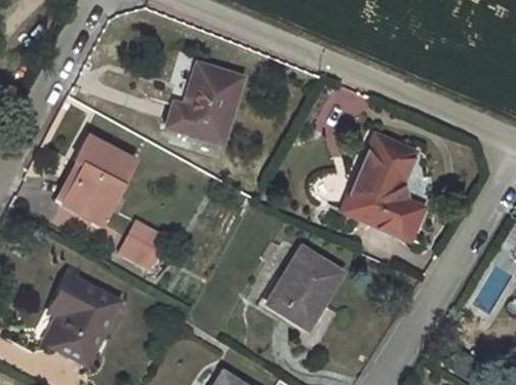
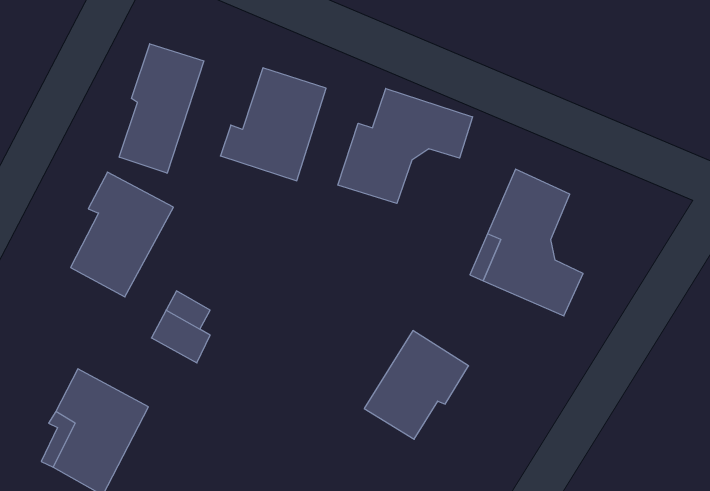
building: none -> [119,44,204,173]
building: none -> [338,88,473,203]

